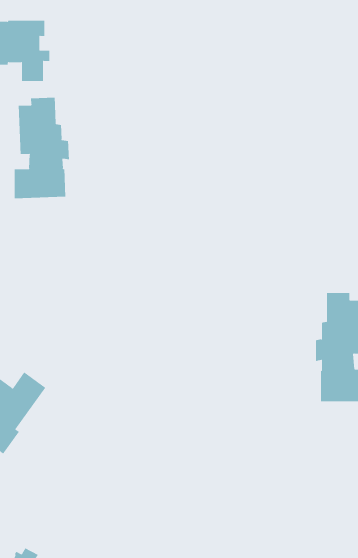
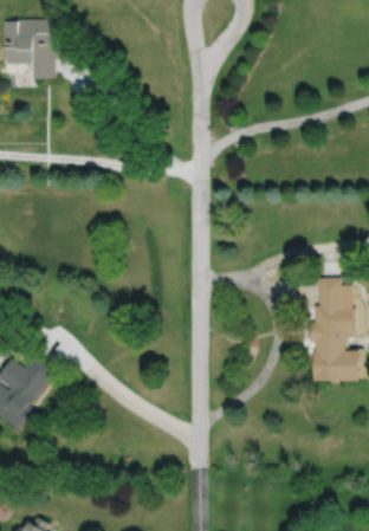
building: [14,97,69,199] -> none

